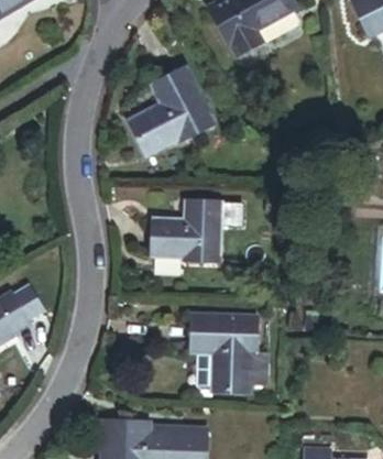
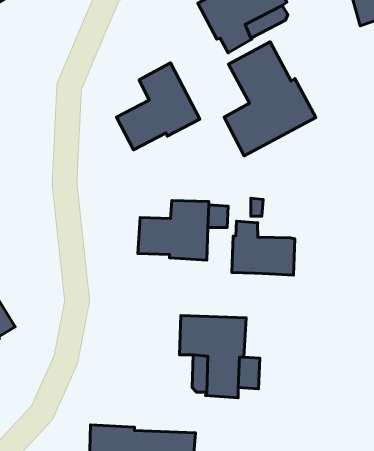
building: none -> [224,42,316,156]
building: none -> [232,221,295,275]

